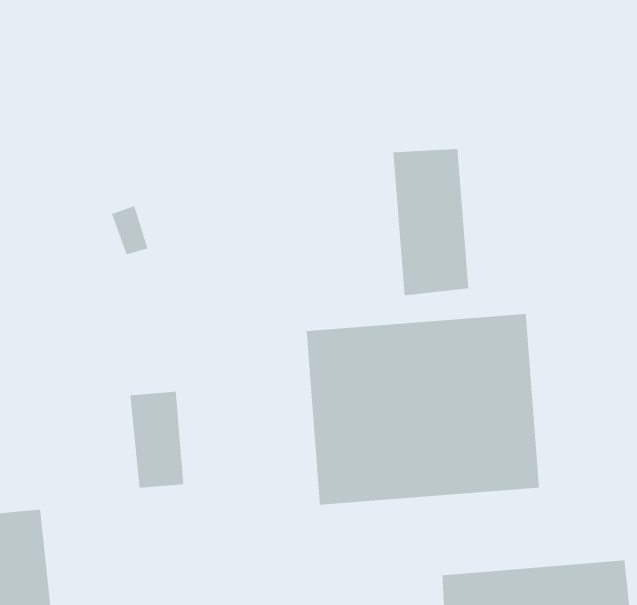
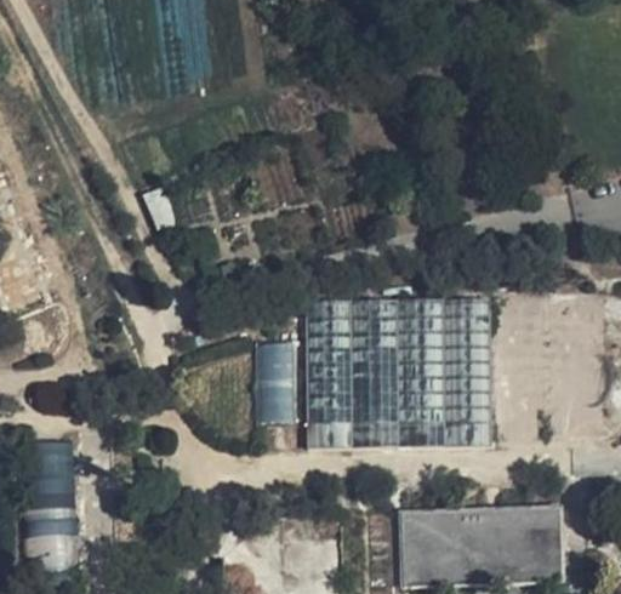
building: [392,148,469,296] -> none
building: [130,391,184,489] -> [251,342,294,423]

